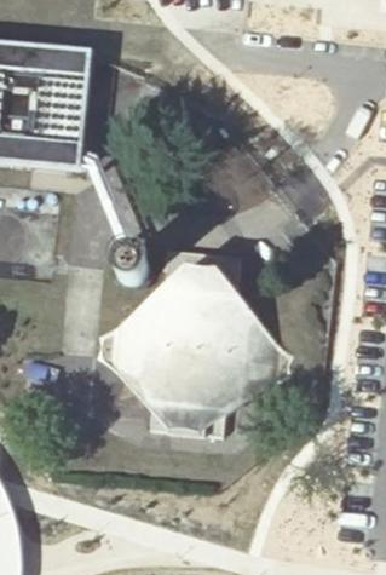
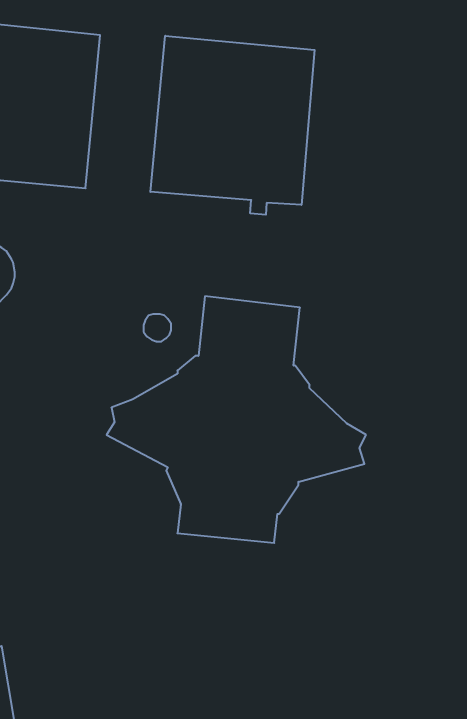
building: none -> [150,36,315,215]

